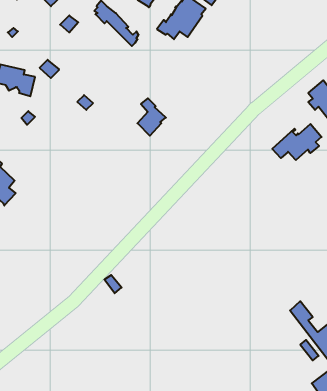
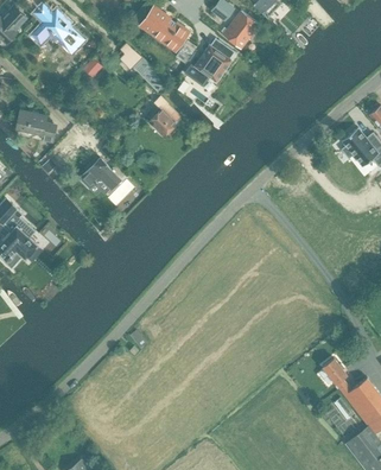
building: [137,98,166,136] -> [150,96,179,135]
building: none -> [78,157,125,190]
building: [272,124,322,160] -> none

